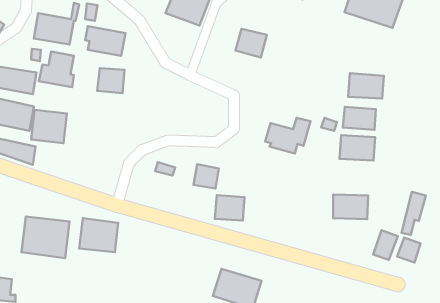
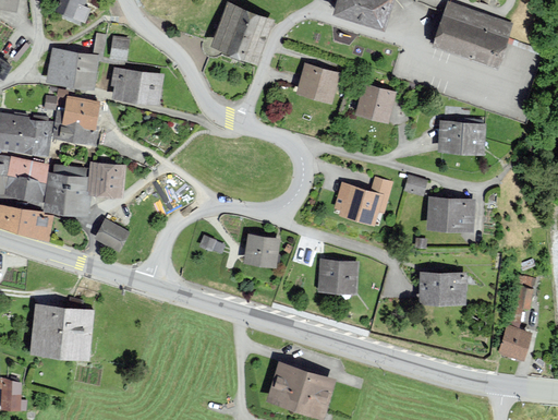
building: none -> [356,86,393,123]
building: [97,68,124,93] -> [89,161,123,193]
building: [343,107,376,130] -> none
building: none -> [96,219,126,248]
building: [215,195,245,221] -> [319,263,356,295]
building: [79,218,118,252] -> none
building: [373,230,398,260] -> none

